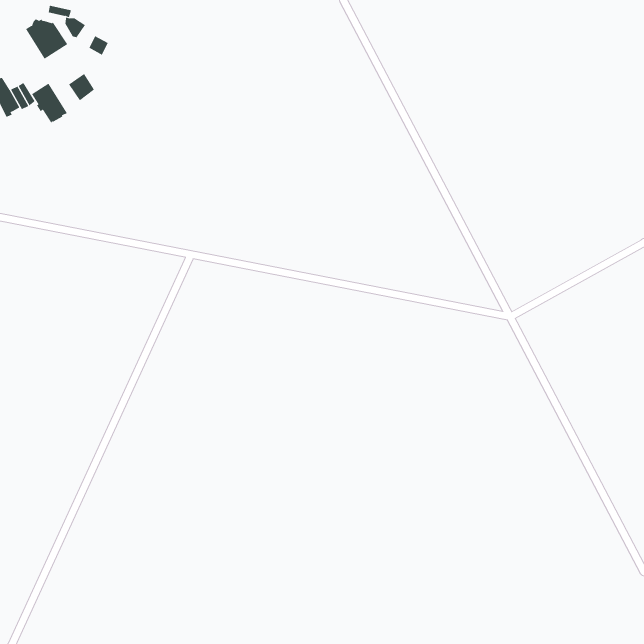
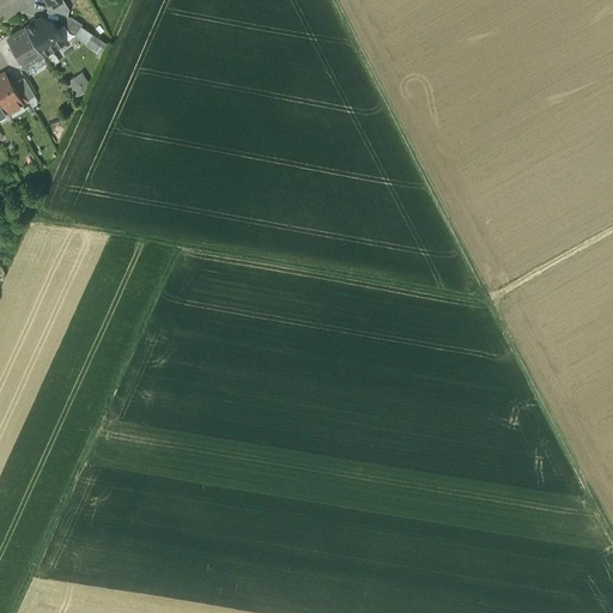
building: [31,83,68,124] -> [7,29,42,68]

